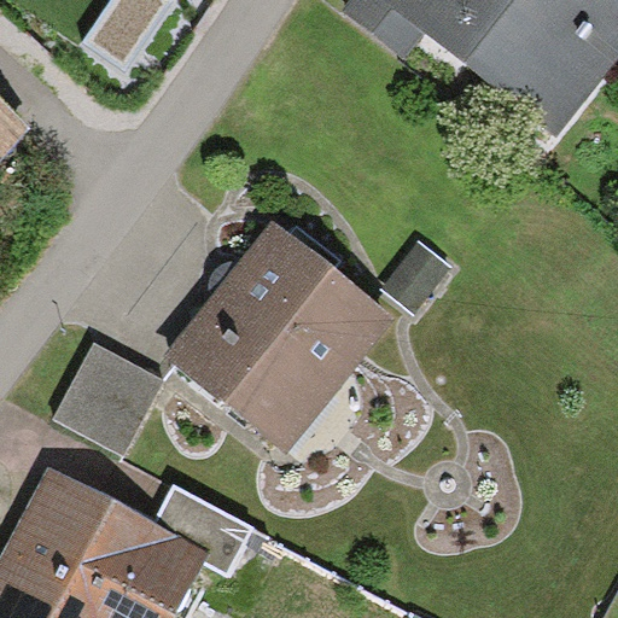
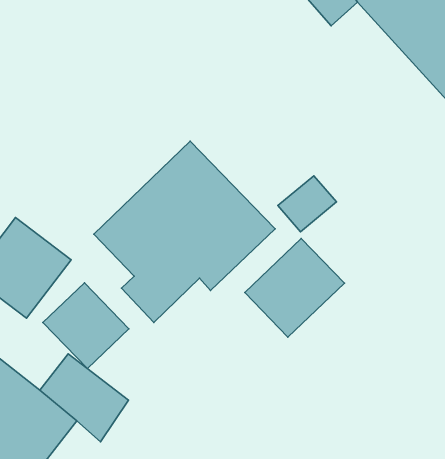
building: none -> [245,238,344,337]
building: none -> [43,283,129,369]

